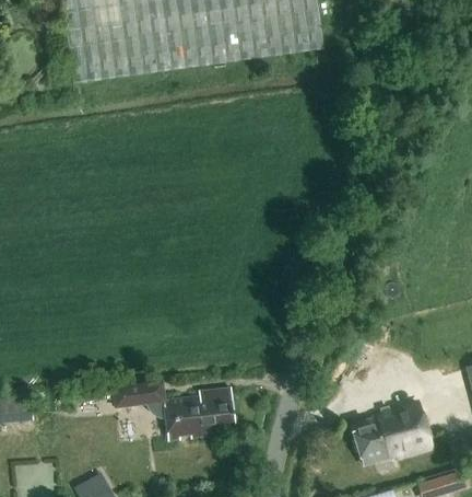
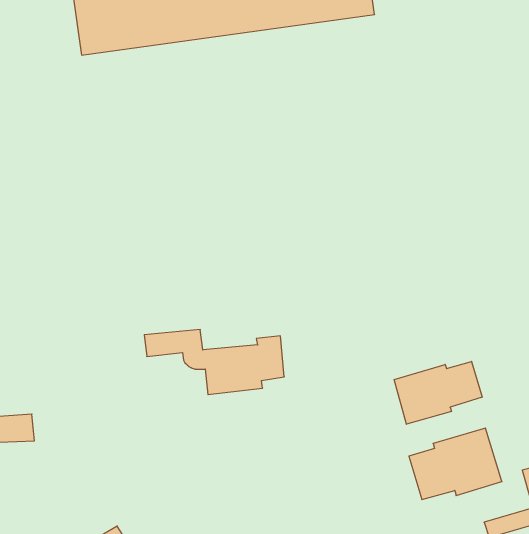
building: none -> [394,361,482,424]
building: [115,384,235,440] -> [144,330,284,395]

